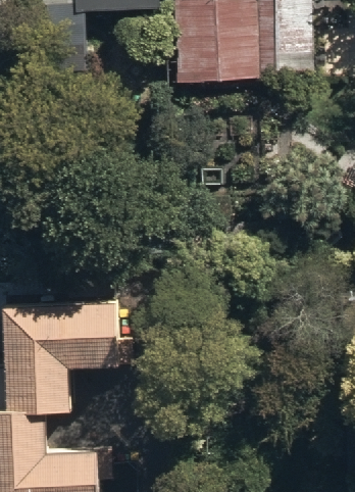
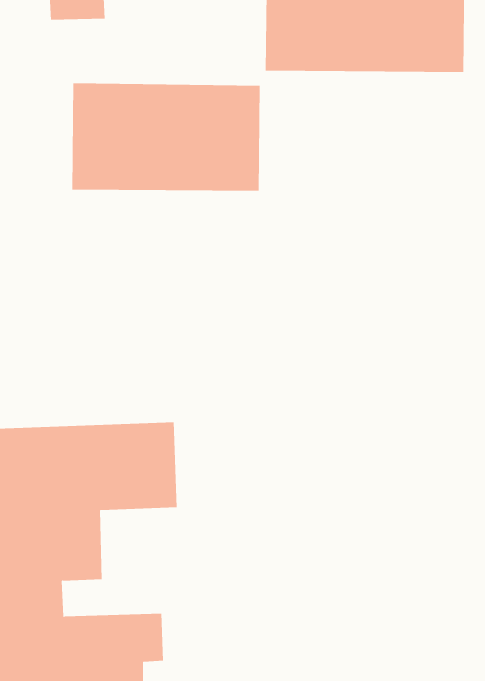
building: none -> [72,82,260,192]

